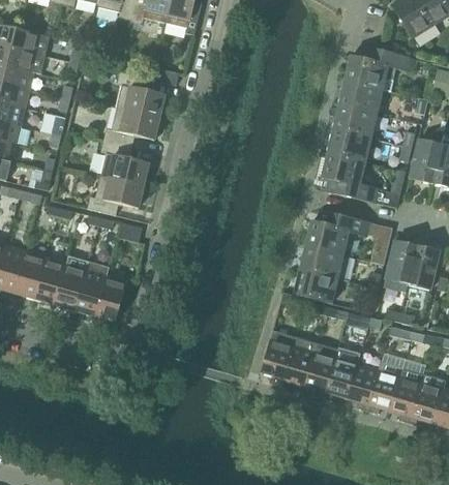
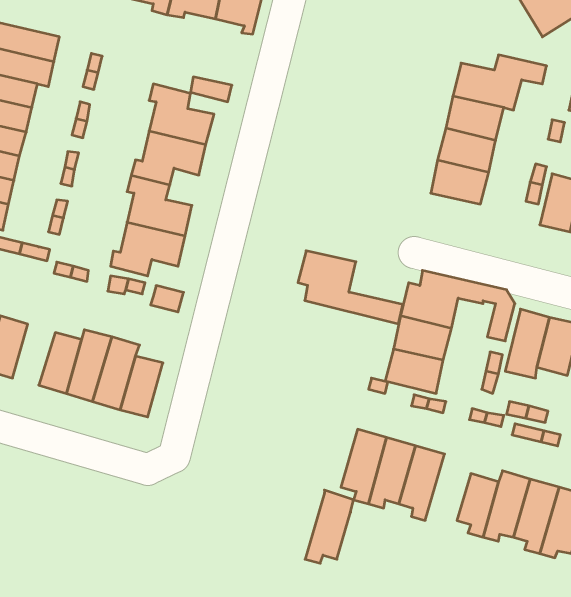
building: [322,153,400,208] -> [298,251,403,324]
building: [14,251,47,297] -> none
building: [324,346,360,401] -> [305,490,353,563]

